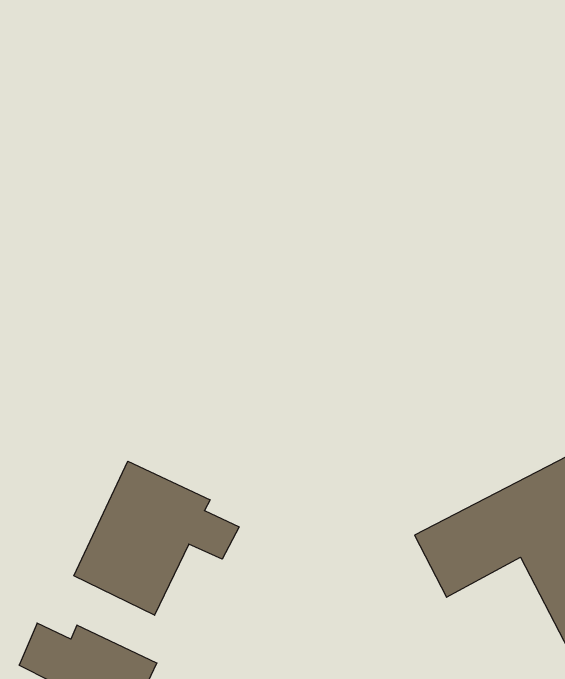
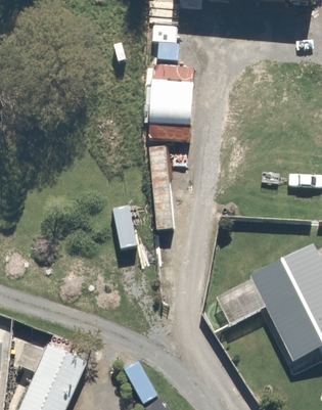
building: [74,461,239,615] -> none

